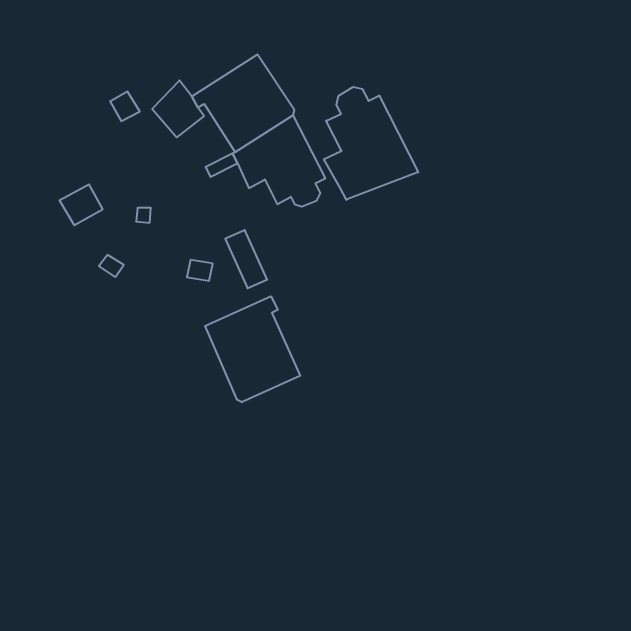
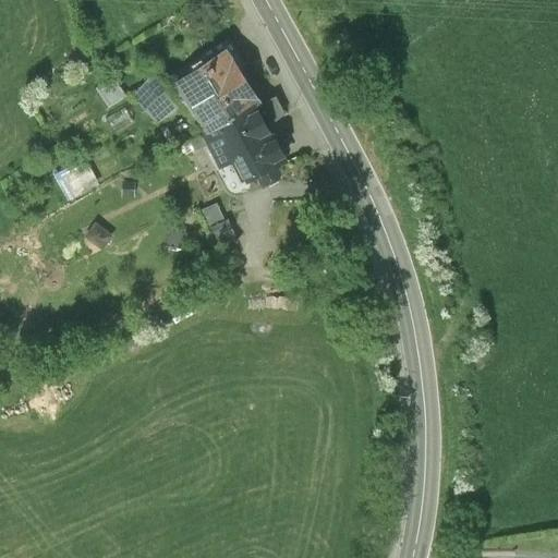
building: [324,87,418,200] -> none
building: [205,296,300,402] -> none

